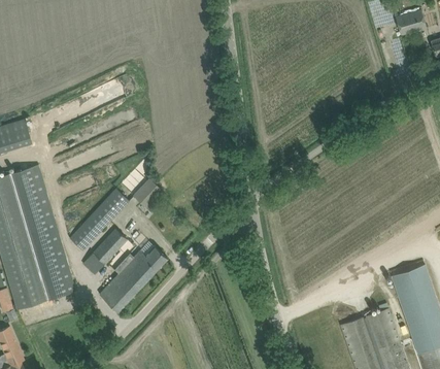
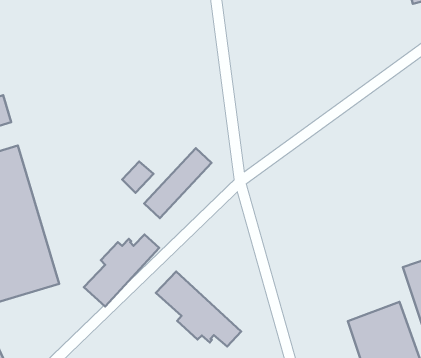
building: [67,187,129,250] -> [144,148,212,218]
building: [82,228,127,273] -> none
building: none -> [156,271,241,347]

